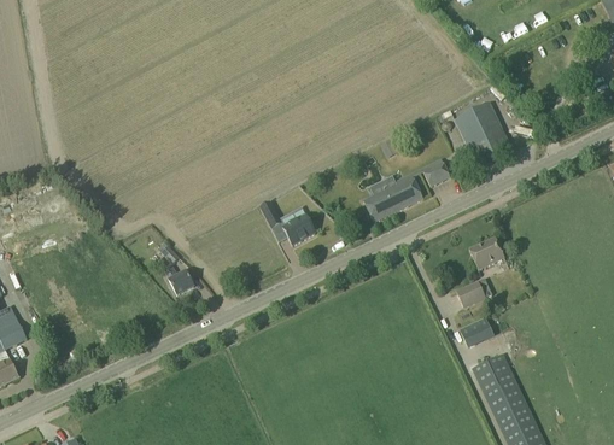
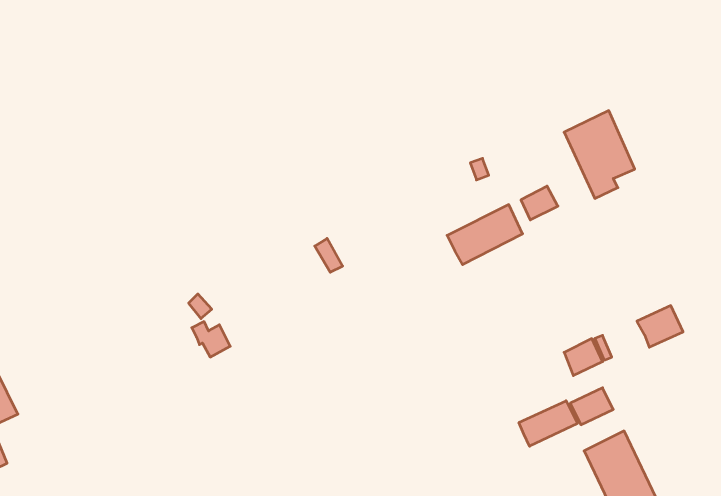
building: [281,212,316,244] -> none
building: [468,235,504,268] -> [637,306,683,347]
building: none -> [519,401,577,446]

